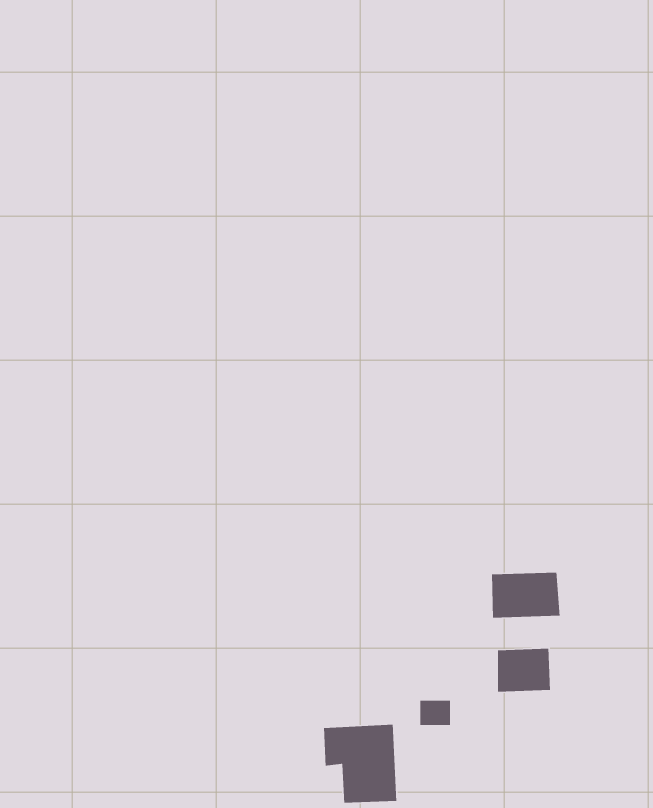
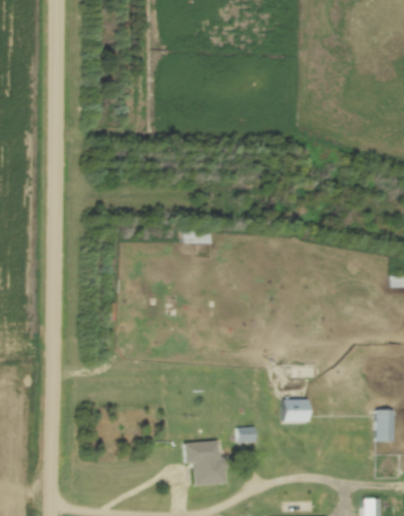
building: [491,572,561,619] -> none

